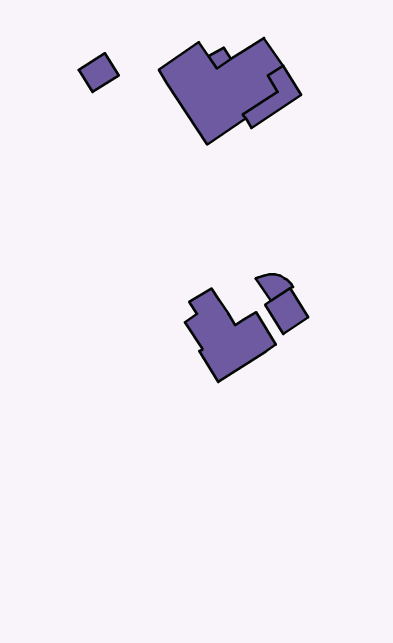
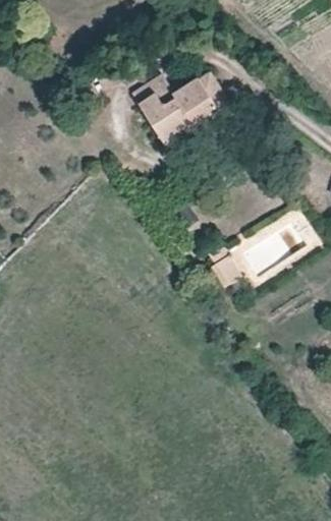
building: [185,289,276,382] -> none

